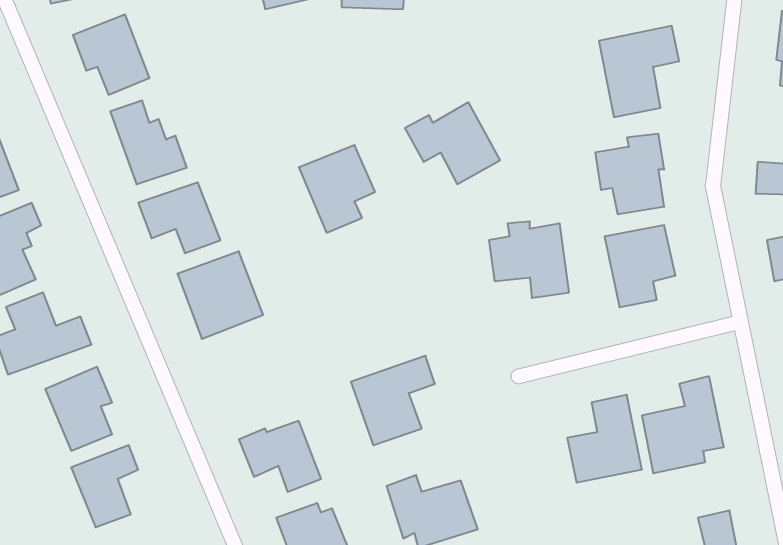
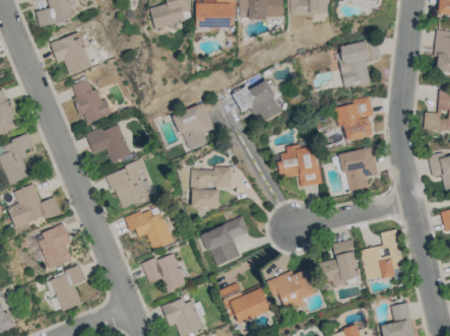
building: none -> [191,167,232,208]
building: none -> [125,208,174,250]
building: none -> [267,268,317,310]

